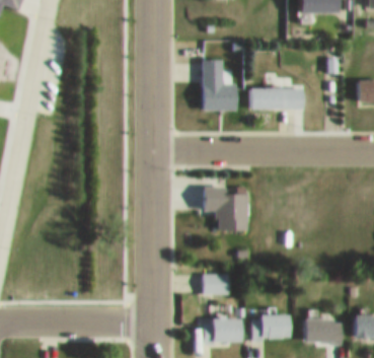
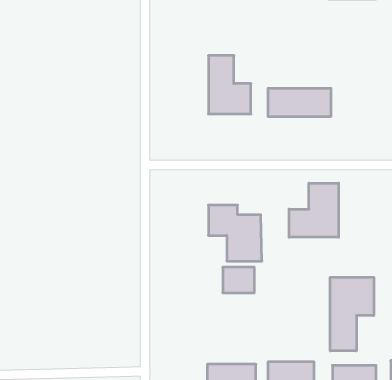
building: none -> [289,183,339,237]
building: none -> [330,277,374,351]
building: [202,274,228,295] -> [223,267,254,293]

